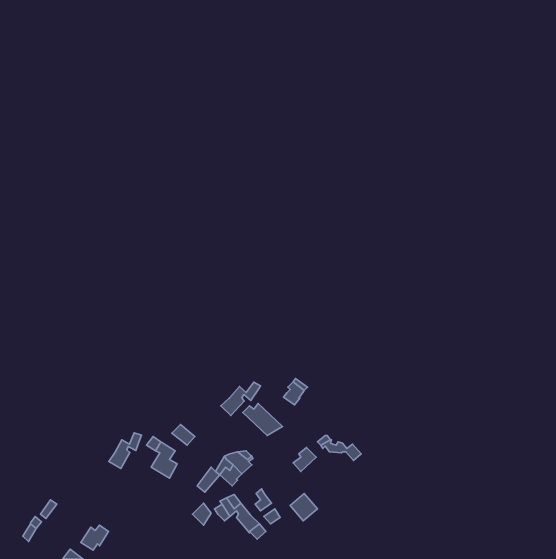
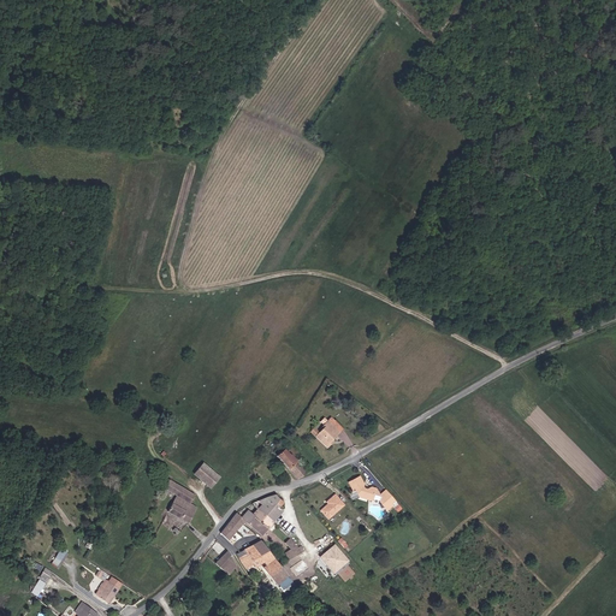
building: [221,382,261,416] -> none
building: [109,433,142,468] -> none

